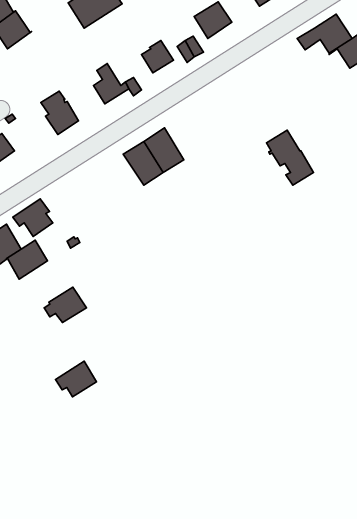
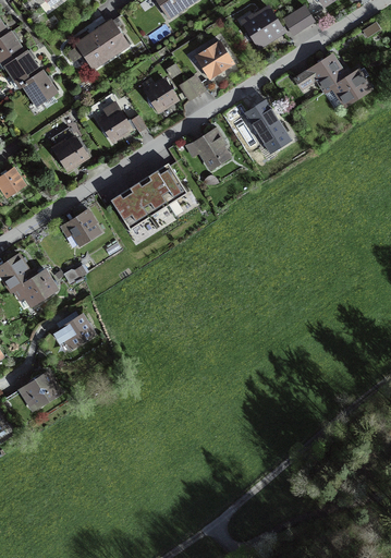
building: none -> [19,71,57,106]
building: none -> [186,129,229,168]
building: [266,130,313,185] -> [245,100,290,153]
building: none -> [109,187,148,230]
building: [13,199,53,237] -> [61,209,99,245]
building: [55,361,97,397] -> [20,373,59,407]

